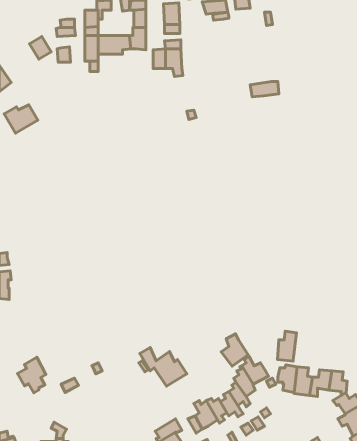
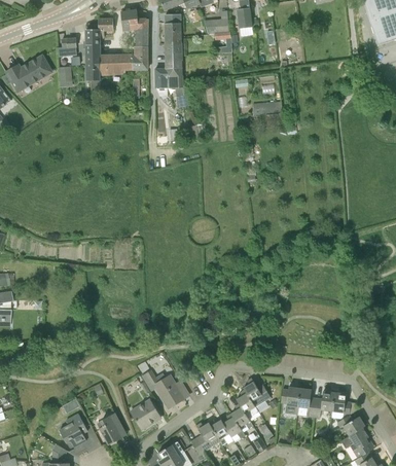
building: [4,105,38,133] -> [5,63,39,92]
building: [277,331,297,361] -> none
building: [221,334,248,366] -> none
building: [17,357,46,393] -> [58,413,86,449]
building: none -> [129,399,157,429]
building: none -> [99,413,122,443]

